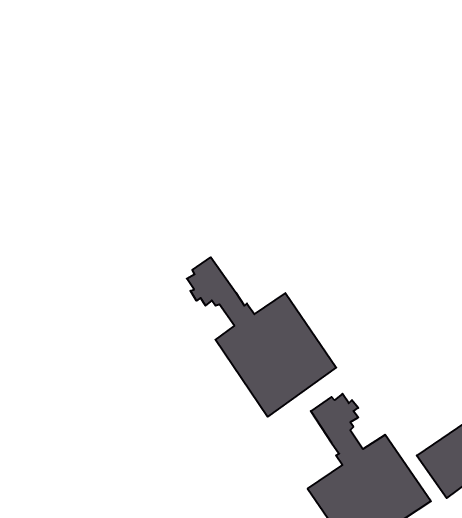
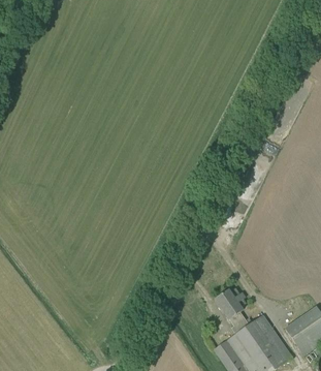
building: [187,257,336,417] -> none

